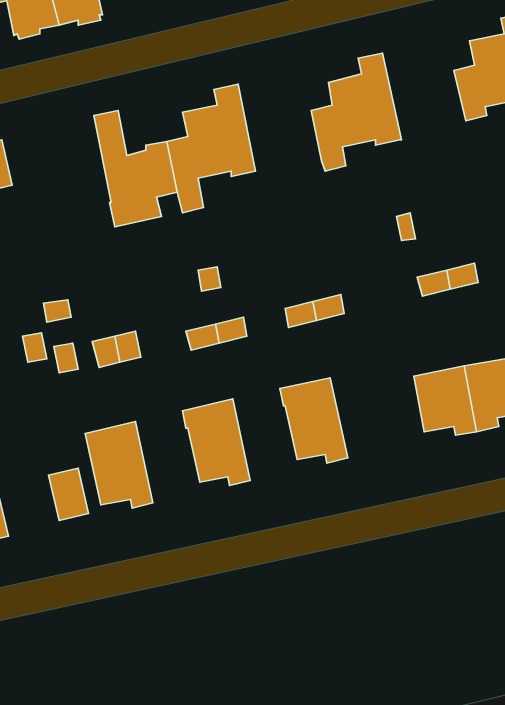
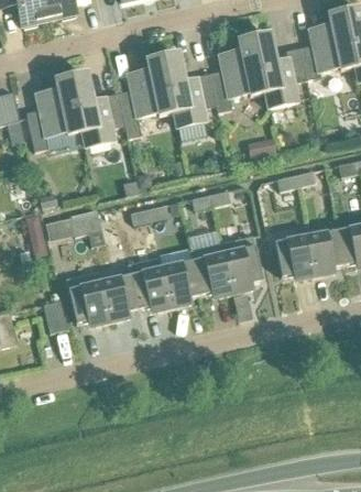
building: none -> [254,33,307,107]
building: none -> [163,53,216,127]
building: none -> [26,76,83,151]
building: none -> [221,234,263,293]
building: none -> [162,260,200,307]
building: none -> [100,274,139,321]

